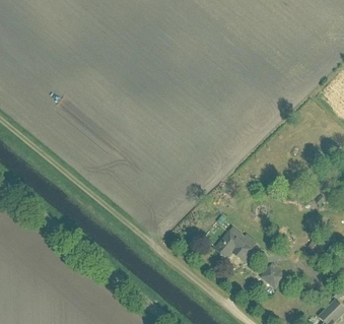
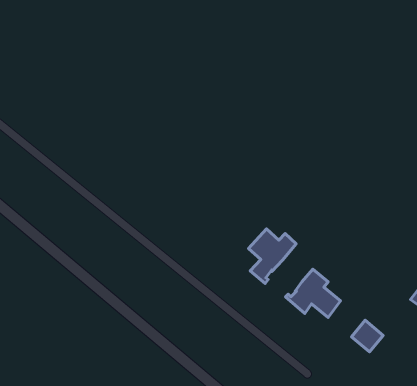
building: none -> [248,229,296,284]

